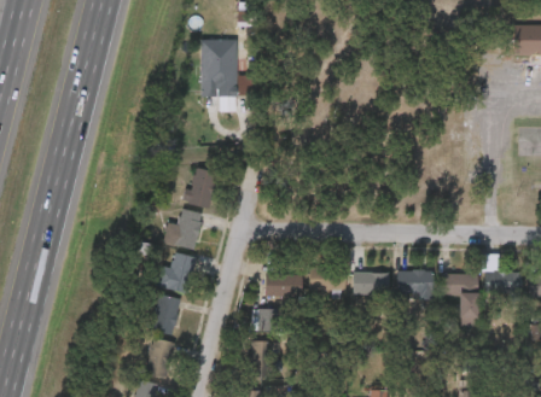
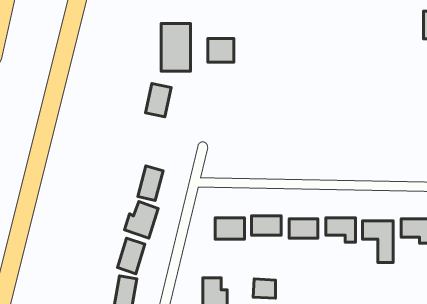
building: none -> [208,39,234,62]
building: [187,168,217,208] -> [146,83,171,117]
building: [252,309,279,332] -> [253,279,276,298]

